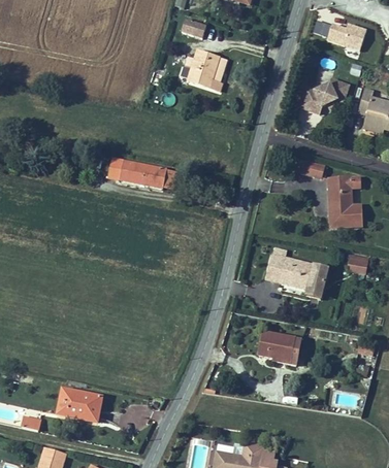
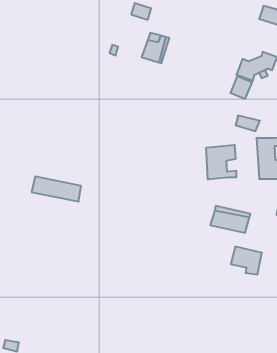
building: [107,162,166,192] -> [32,176,81,202]
building: none -> [206,145,236,180]
building: [258,337,295,370] -> [231,247,262,274]
building: [60,389,103,423] -> none

